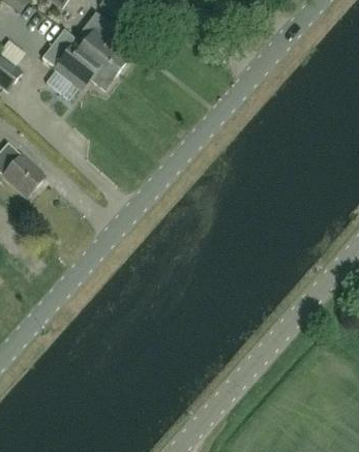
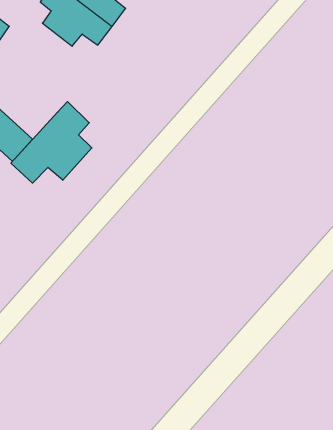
building: none -> [11,102,92,183]

